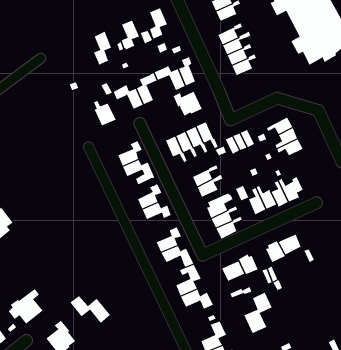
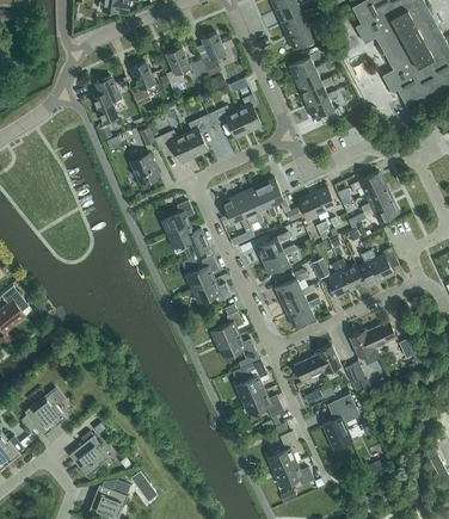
building: none -> [93,78,119,123]
building: [173,91,203,117] -> none
building: [69,295,111,324] -> none

